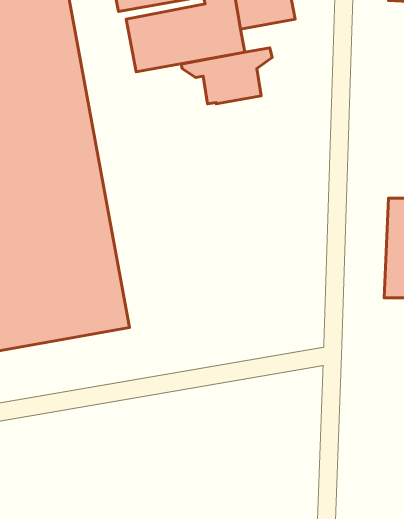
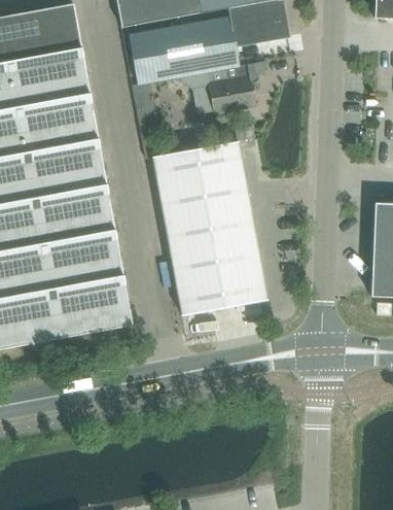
building: none -> [153,141,266,315]

